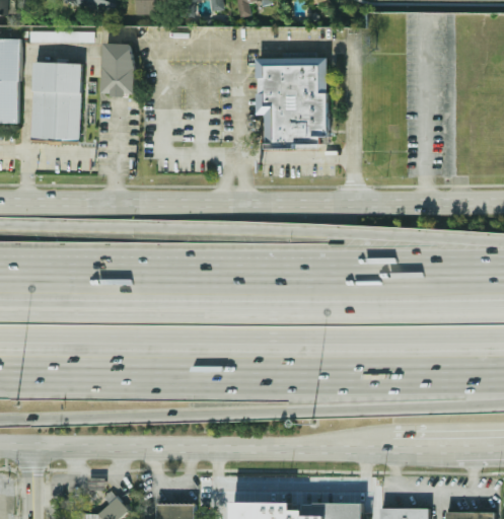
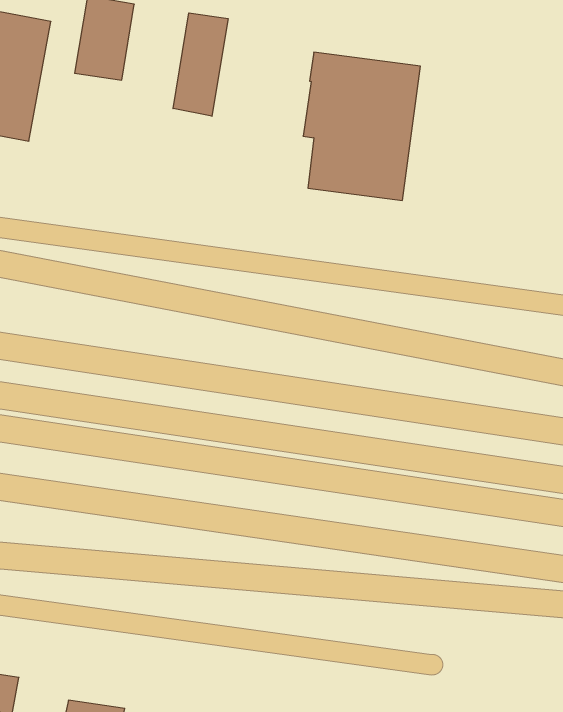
building: none -> [173,13,228,116]

